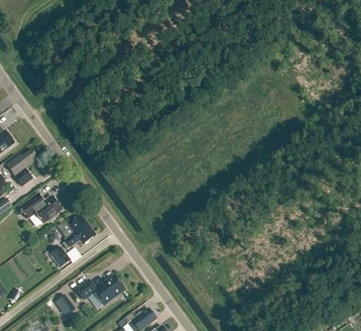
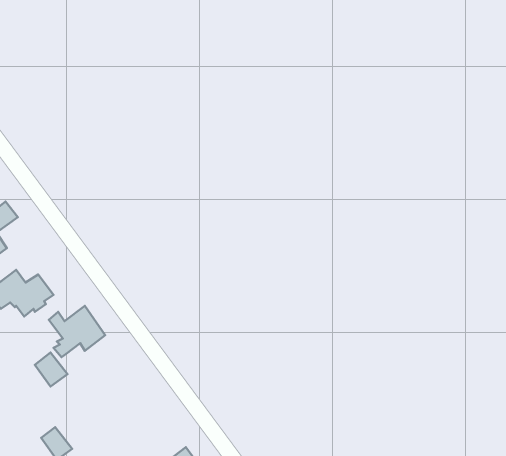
building: [77,274,124,304] -> none

